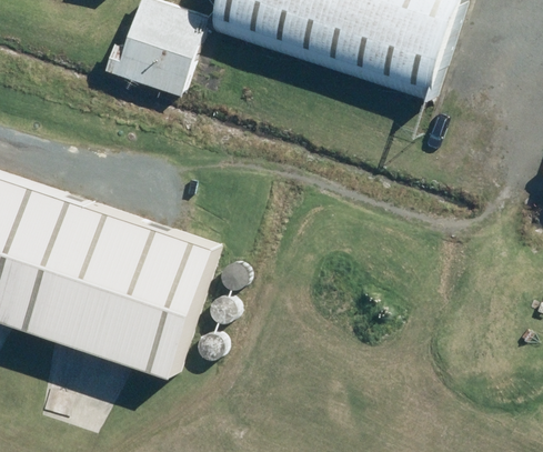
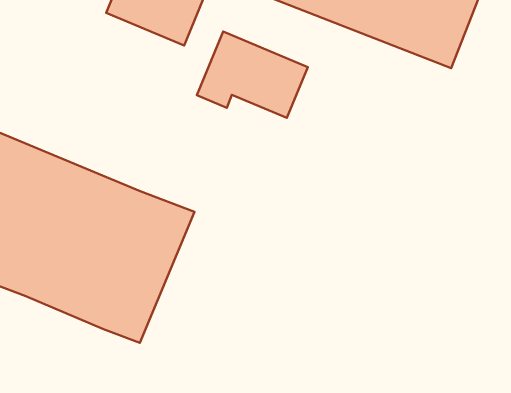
building: none -> [197,31,308,118]

